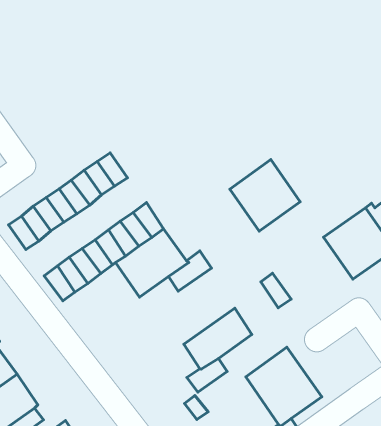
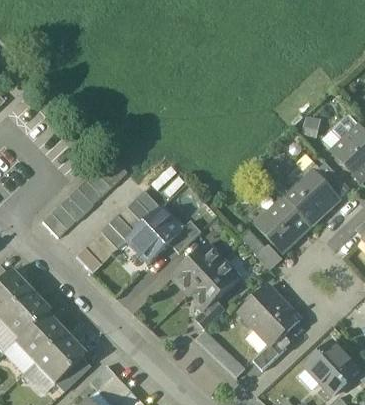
building: [230,160,300,231] -> [256,195,311,251]
building: none -> [173,242,224,292]

